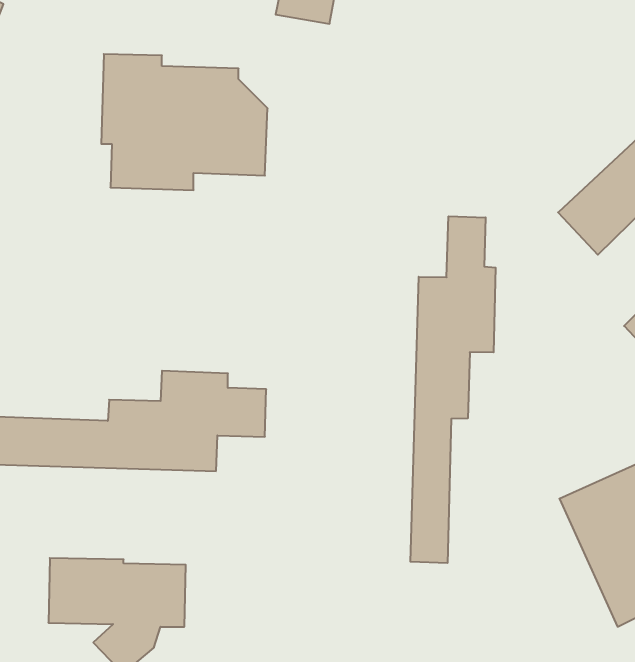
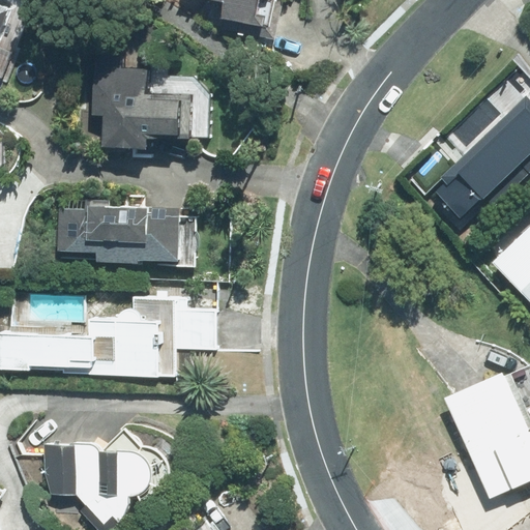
building: [410,216,496,563] -> none
building: none -> [57,202,196,268]

